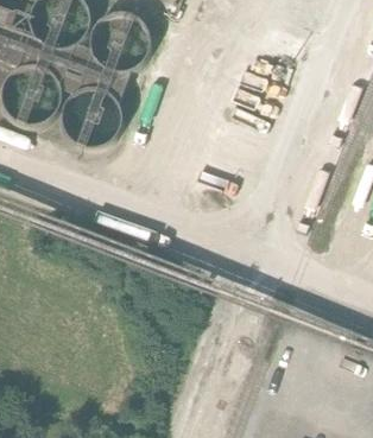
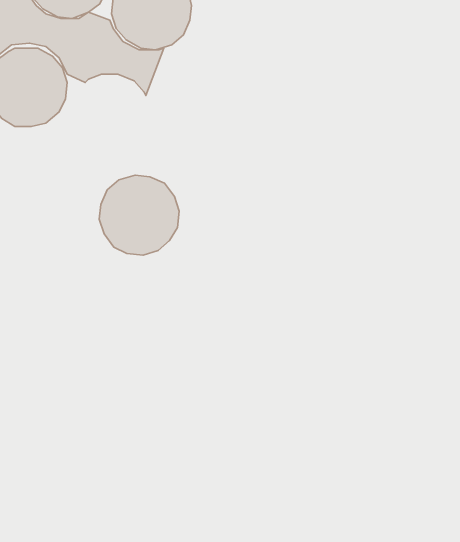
building: [61,87,119,145] -> [99,175,179,255]

